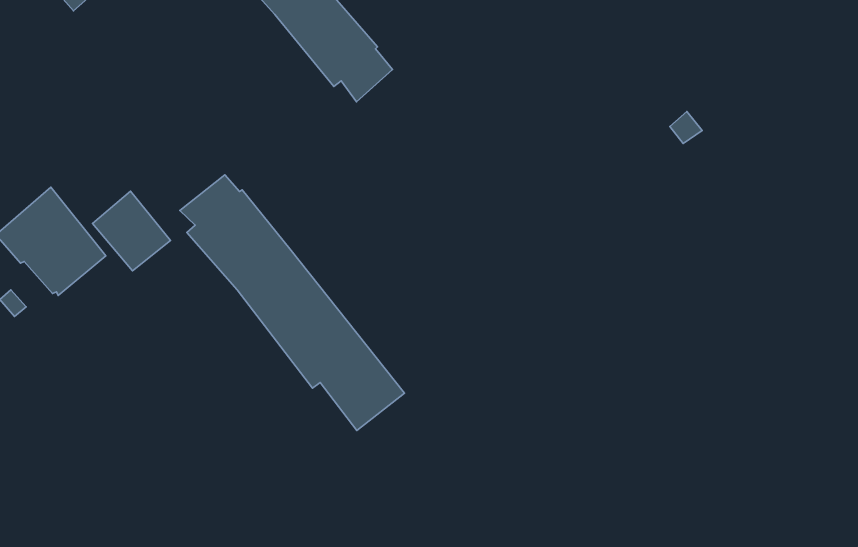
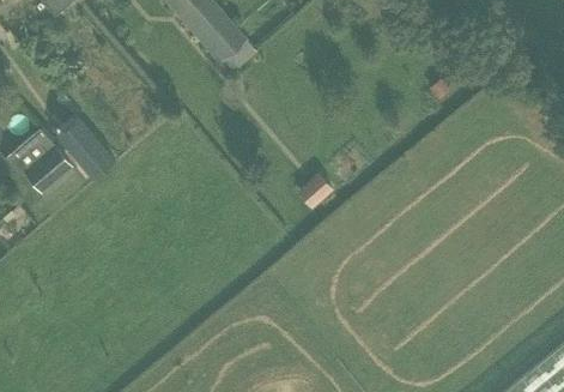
building: [180,175,404,431] -> none
building: none -> [296,169,334,207]

